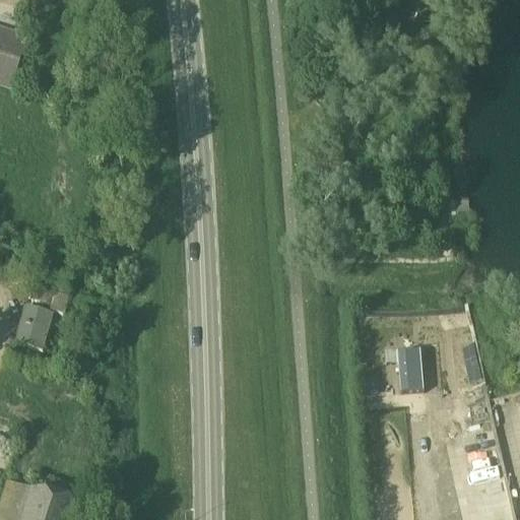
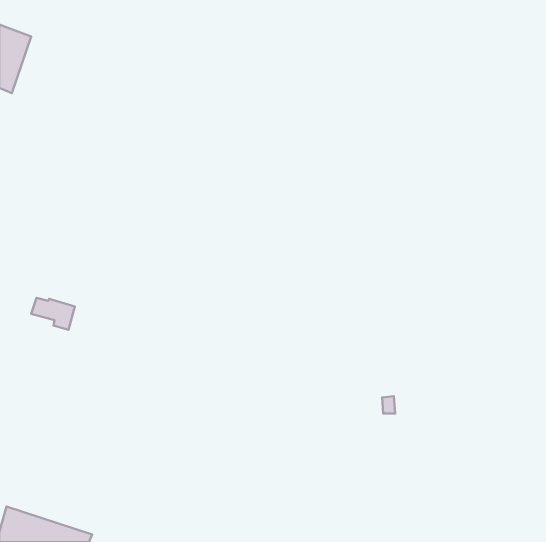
building: [14,305,52,348] -> none
building: [398,346,422,391] -> none

